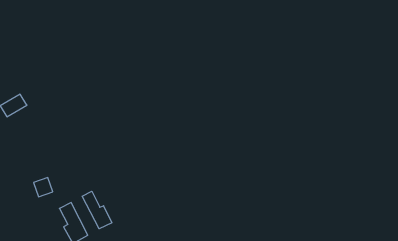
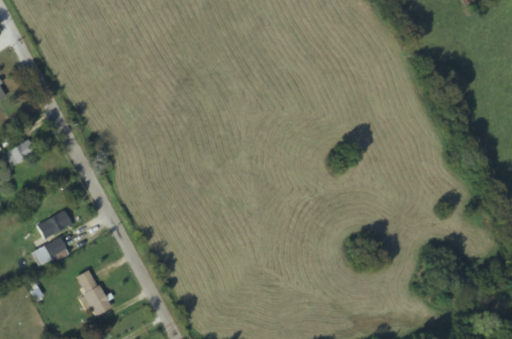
building: none -> [36,210,72,239]
building: [82,191,112,229] -> none

